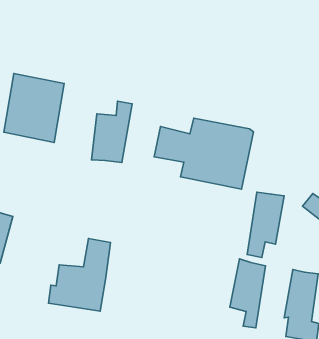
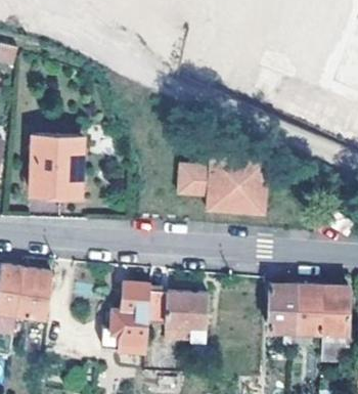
building: [91,101,132,163] -> none
building: [247,192,284,257] -> [296,286,323,347]
building: none -> [146,289,207,337]

